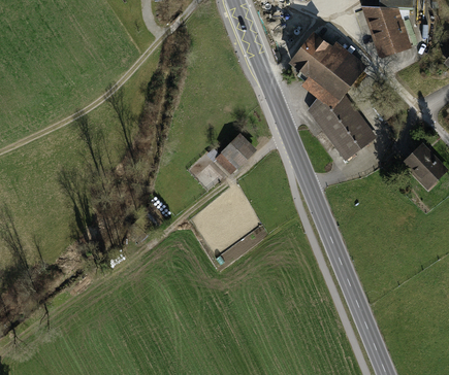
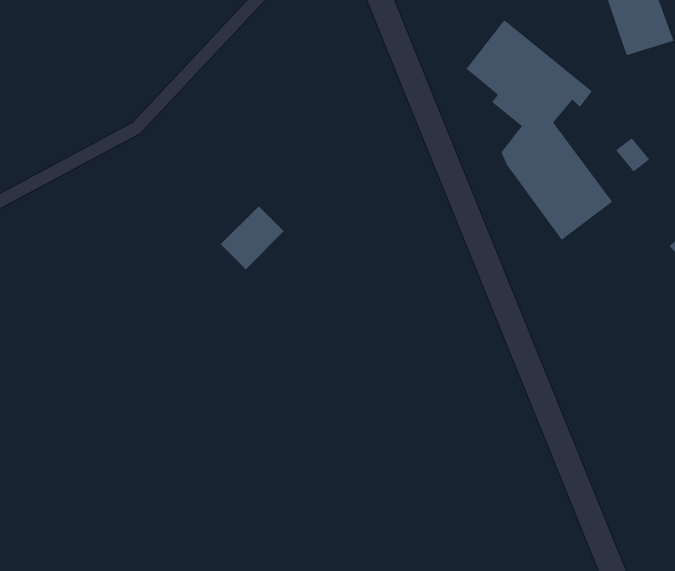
building: [216,136,252,172] -> [220,205,285,270]

